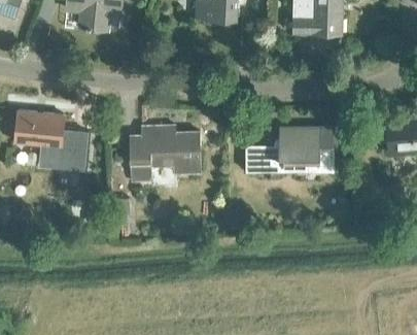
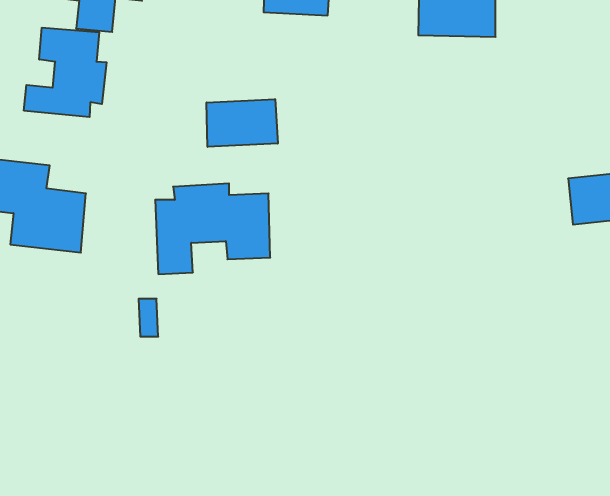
building: none -> [24,28,107,117]
building: none -> [207,99,278,147]
building: [245,128,333,174] -> none

